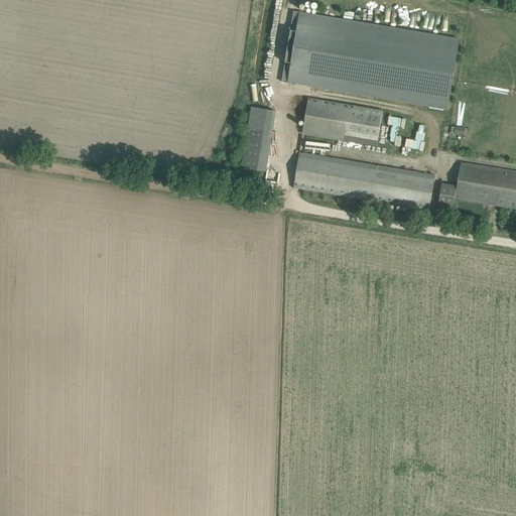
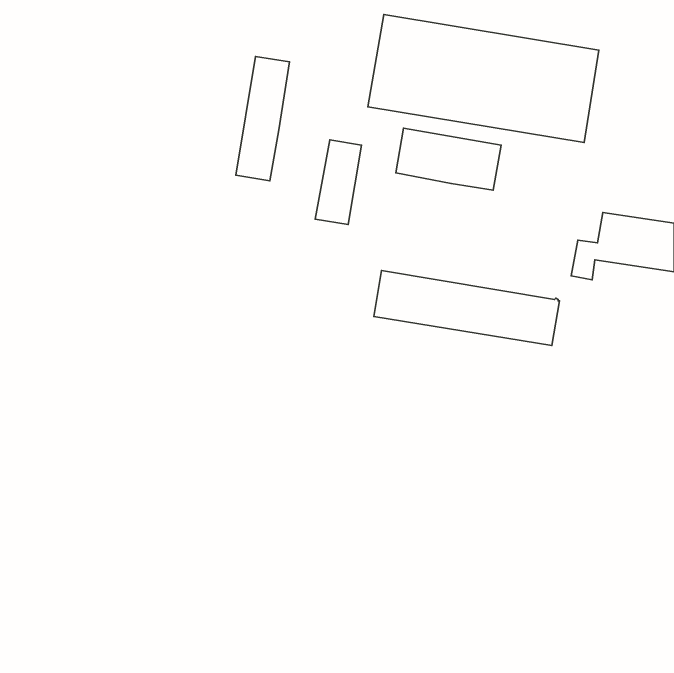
building: none -> [236,56,290,181]
building: [293,152,435,210] -> [374,270,560,346]

